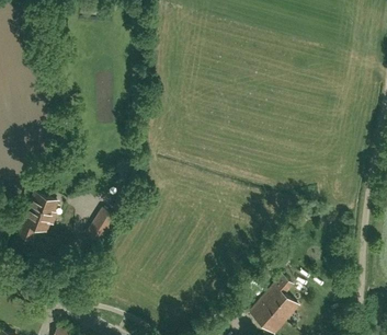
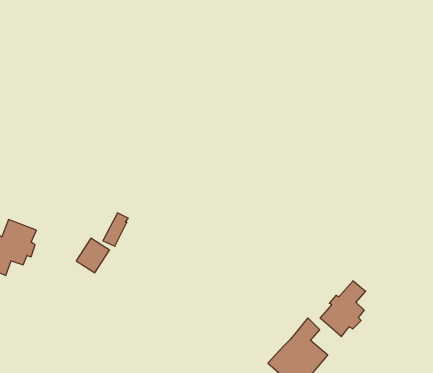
building: none -> [320,281,366,337]

